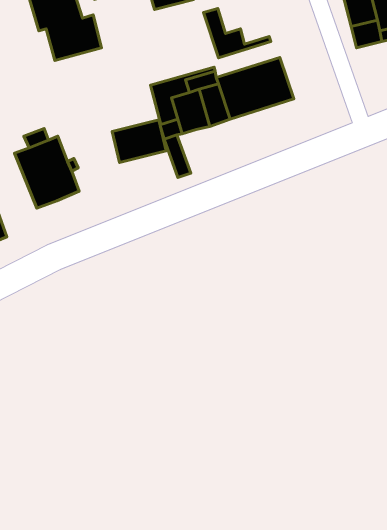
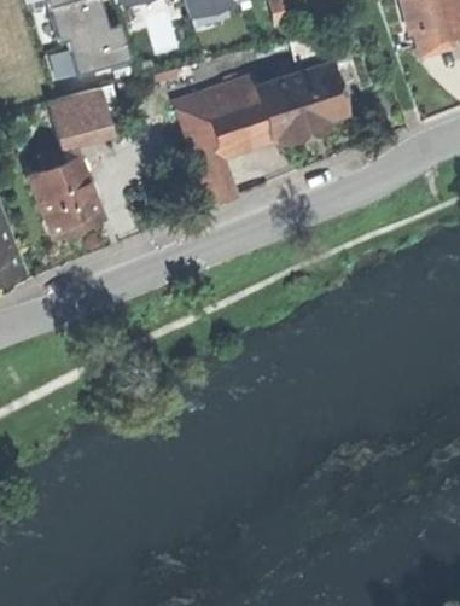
building: [204,9,271,58] -> none
building: [112,120,166,162] -> [50,89,111,138]

